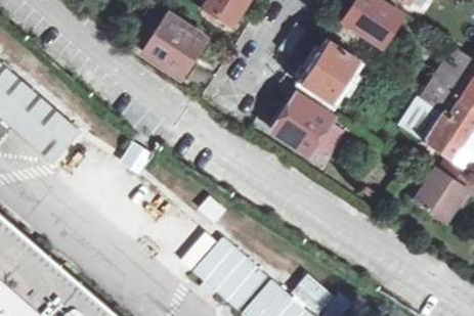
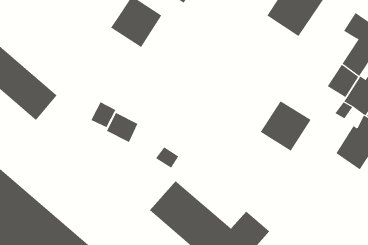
building: [303,43,359,101] -> none
building: [271,94,334,155] -> [260,100,312,151]
building: none -> [106,112,138,143]

